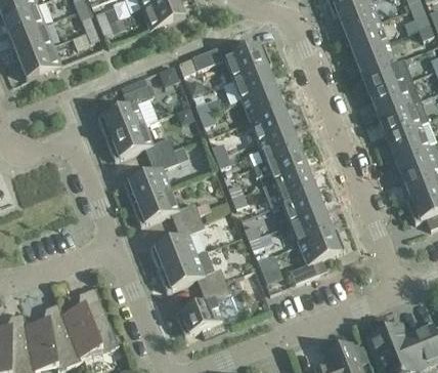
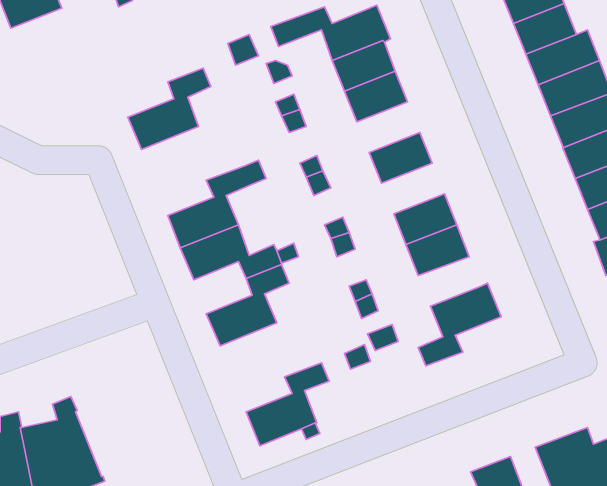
building: [18,43,60,78] -> none
building: [249,106,291,139] -> none
building: [105,122,173,159] -> none
building: [254,147,307,180] -> none
building: [290,209,332,242] -> none
building: [158,249,225,290] -> none
building: [61,286,119,356] -> none

